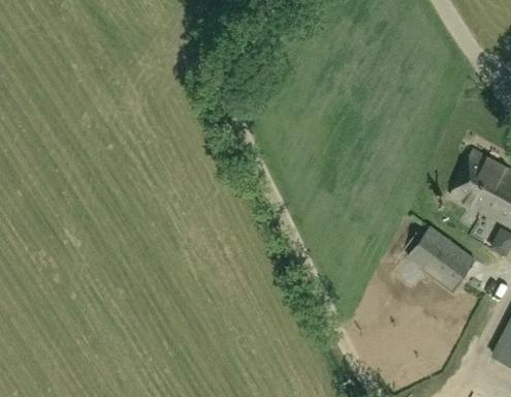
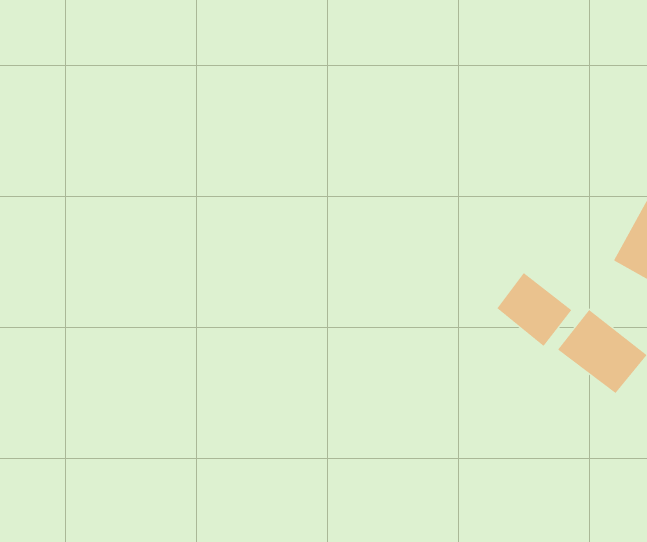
building: none -> [496,272,572,347]

